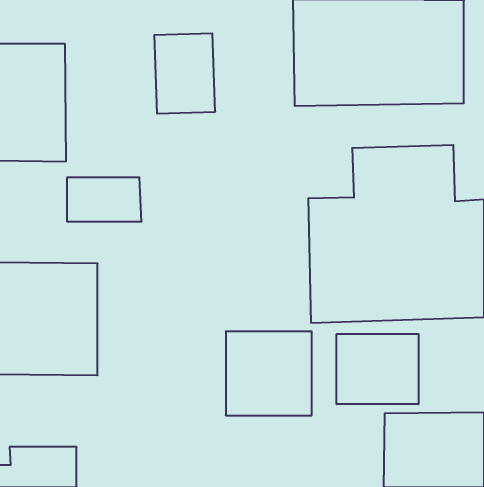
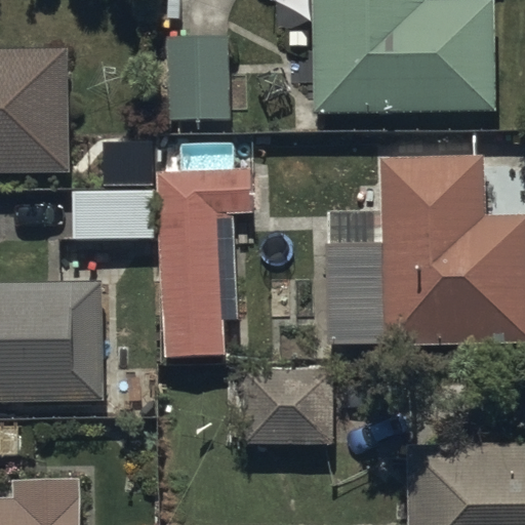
building: none -> [156,170,251,356]
building: [337,334,418,404] -> none

